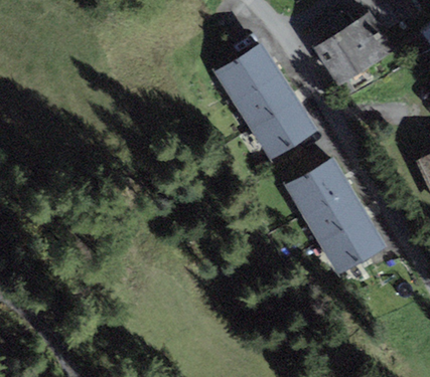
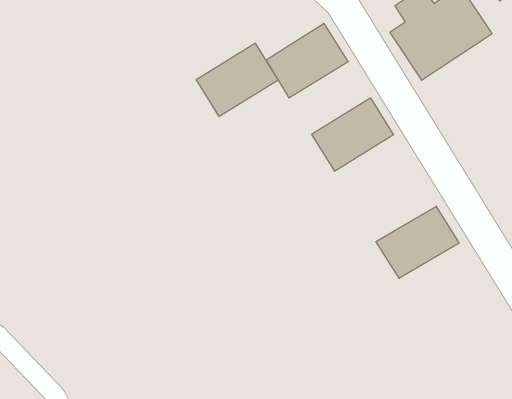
building: [233,71,298,130] -> [196,43,278,116]
building: [285,157,350,215] -> none
building: [320,216,386,274] -> none

